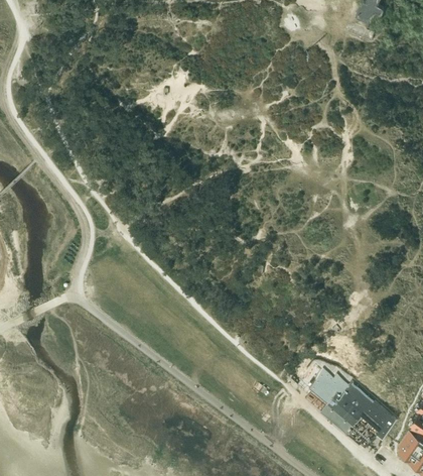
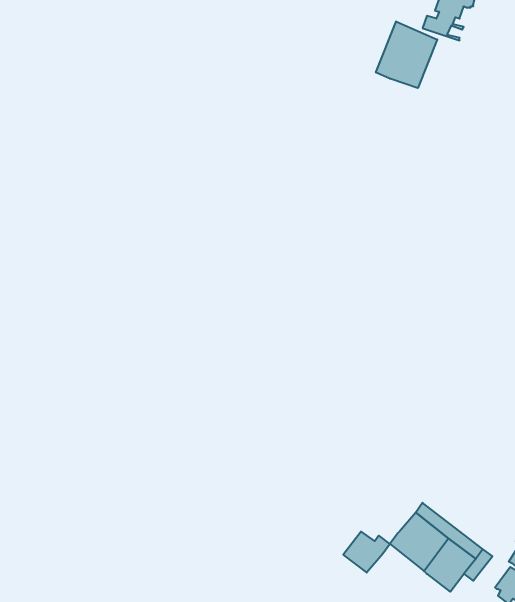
building: none -> [376,21,437,88]
building: [311,373,345,403] -> [343,532,390,573]

